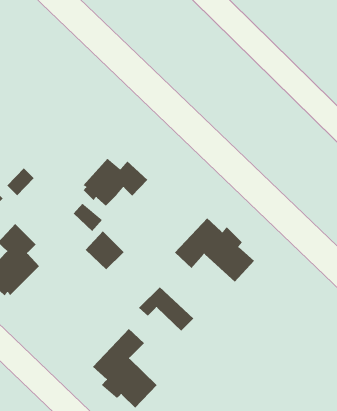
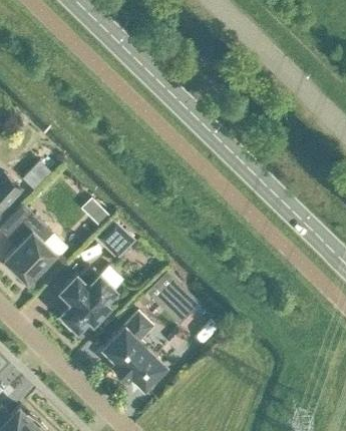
building: [82,158,148,206] -> none
building: [174,217,255,283] -> none
building: none -> [58,269,114,333]

